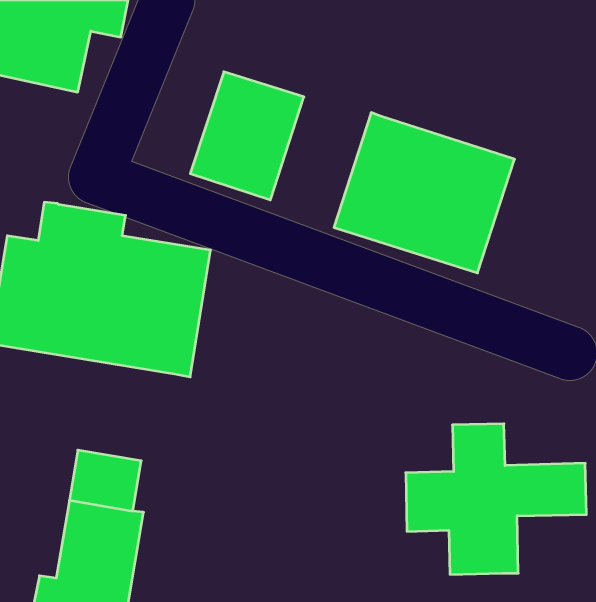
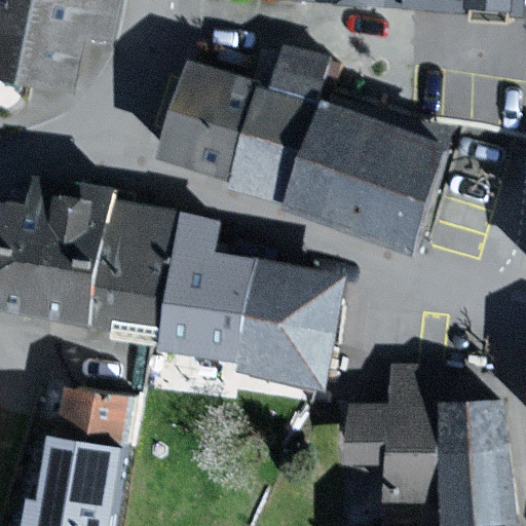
building: none -> [230,54,321,203]
building: none -> [161,223,335,384]
building: none -> [444,450,505,520]

